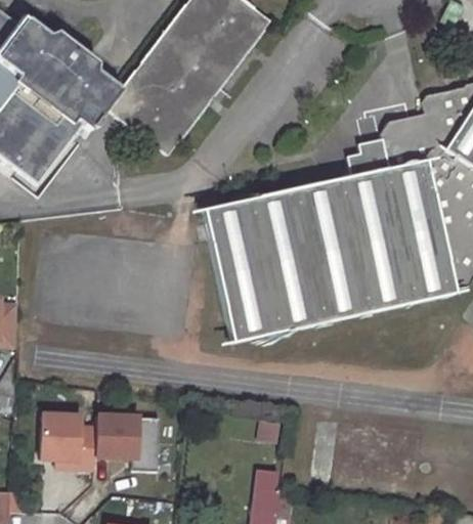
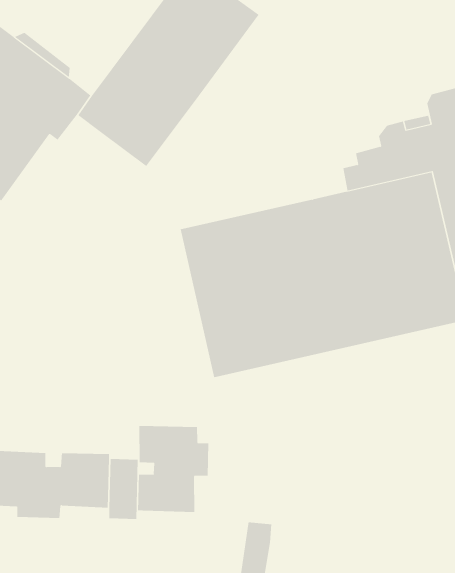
building: none -> [137,425,209,513]

